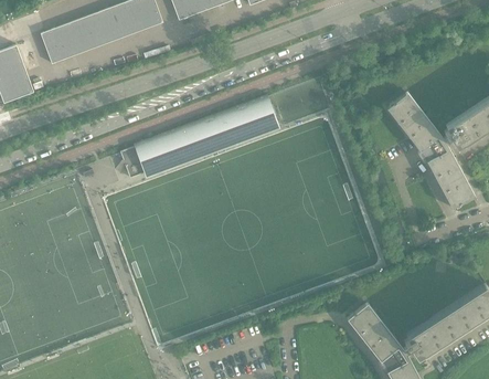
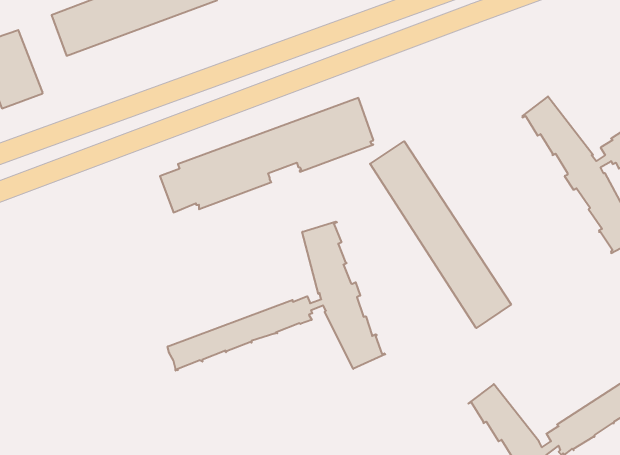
building: none -> [370,141,511,328]
building: none -> [168,222,385,371]

